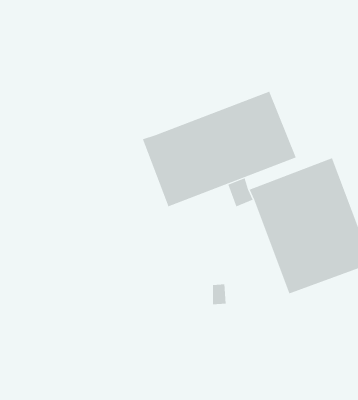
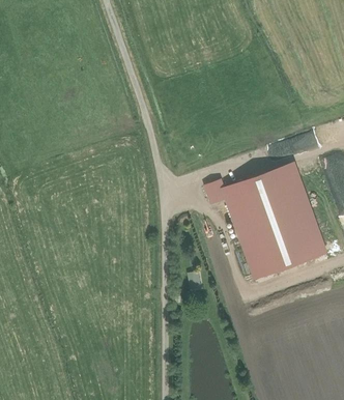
building: [142,91,297,207] -> none

